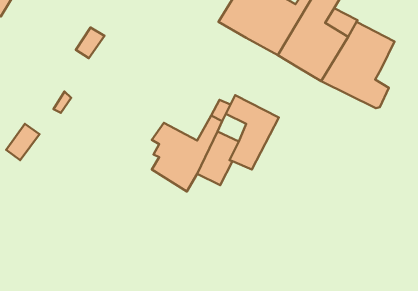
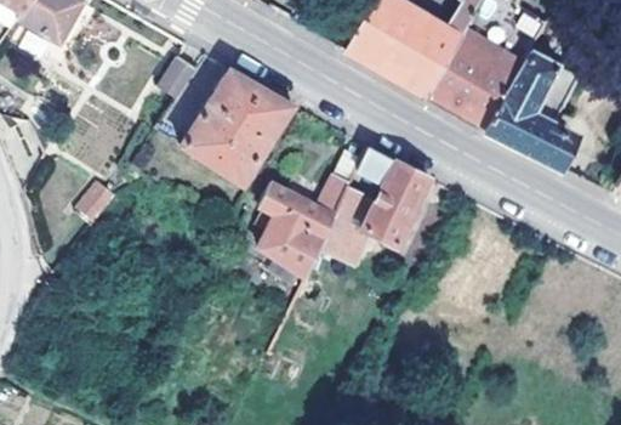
building: none -> [180,68,295,182]

